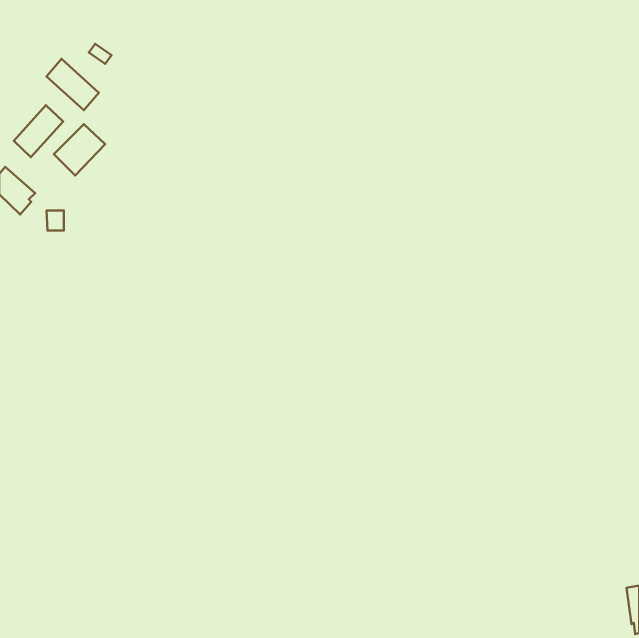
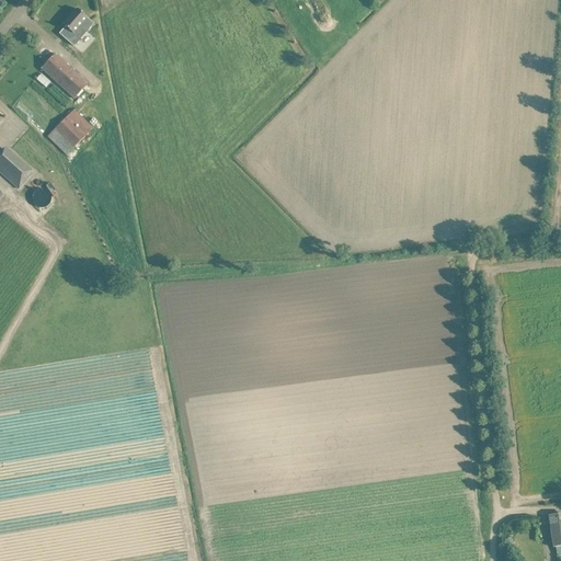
building: none -> [61,7,93,45]
building: [14,105,63,157] -> none

